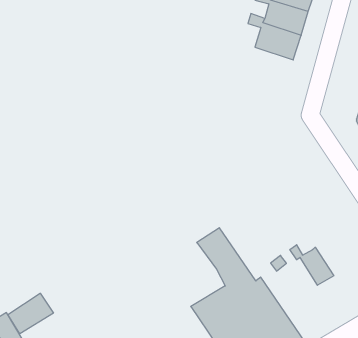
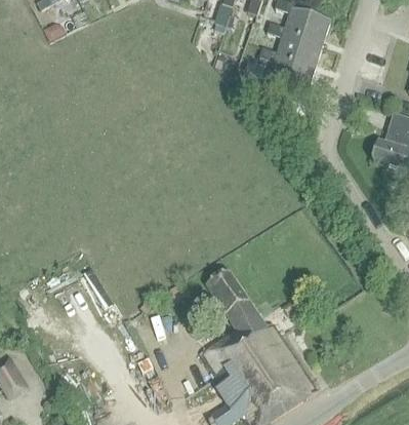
building: [290,245,334,285] -> none
building: [8,293,53,334] -> none

